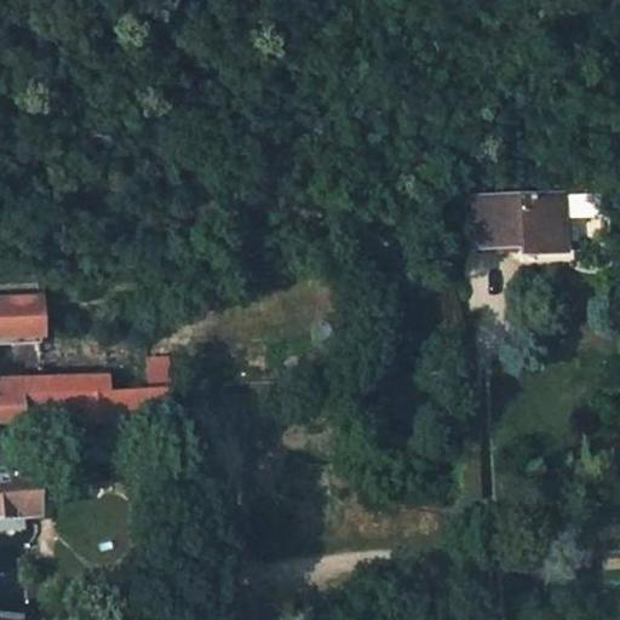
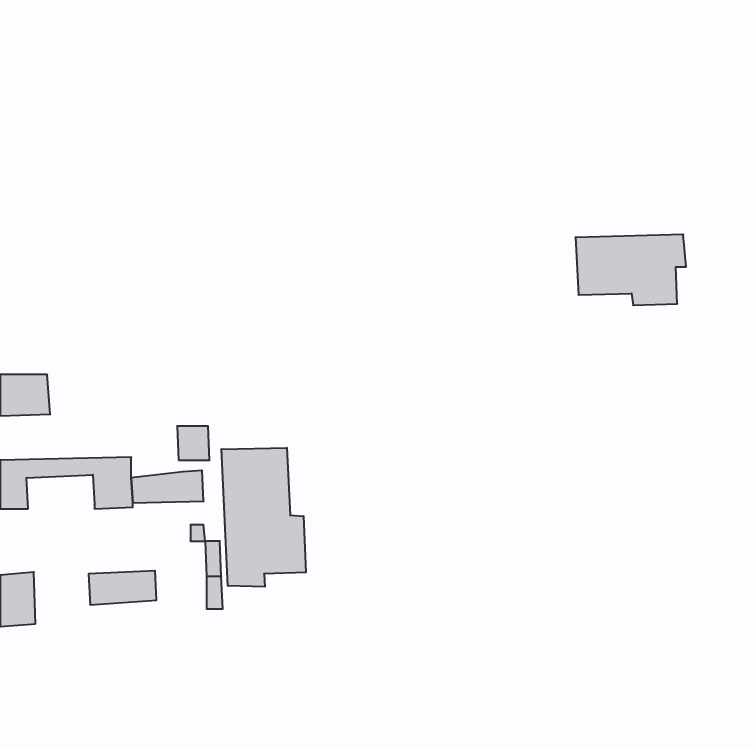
building: none -> [221,448,306,587]
building: [22,390,78,418] -> [89,571,156,605]

